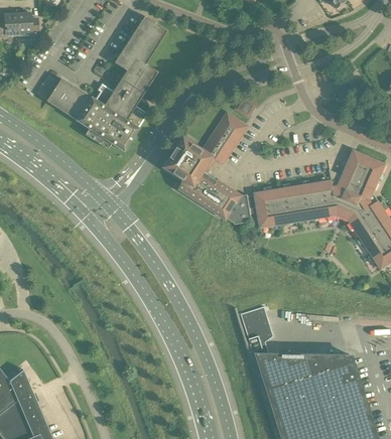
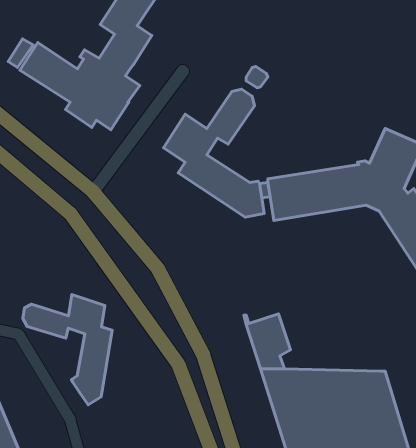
building: none -> [23,294,112,405]

